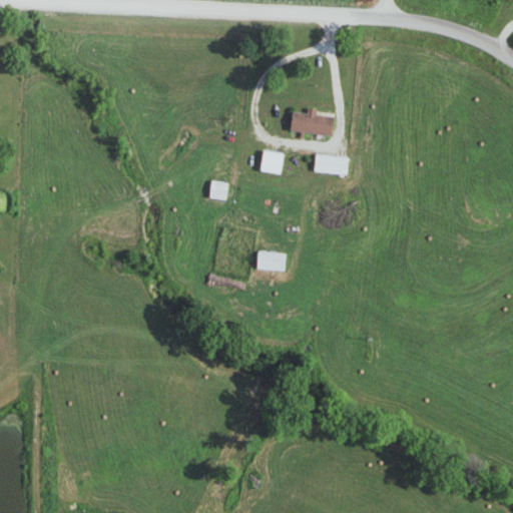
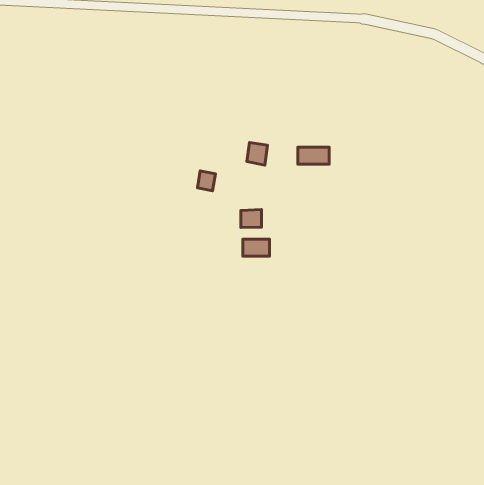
building: [291,110,334,135] -> none
building: none -> [241,209,261,227]

